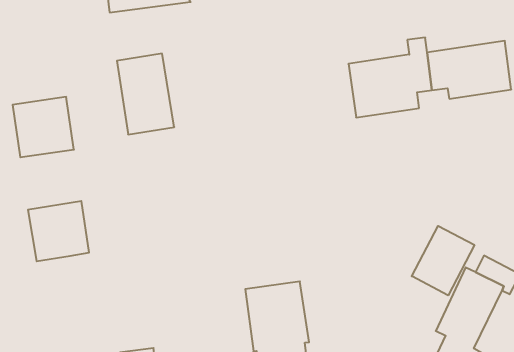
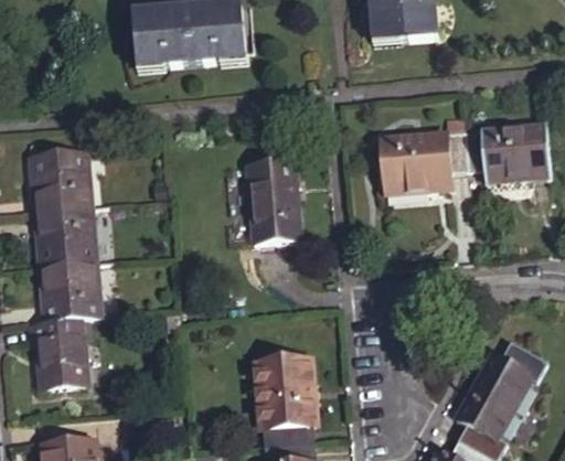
building: [117,54,174,134] -> [252,162,307,244]
building: none -> [34,206,95,266]
building: [412,226,474,295] -> none
building: none -> [25,317,85,386]

